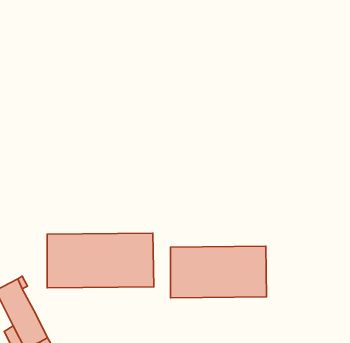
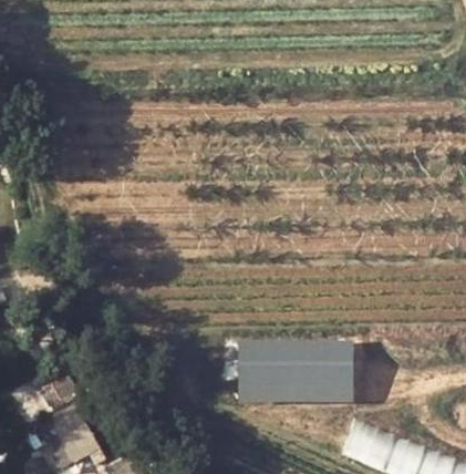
building: [47,233,154,288] -> none

